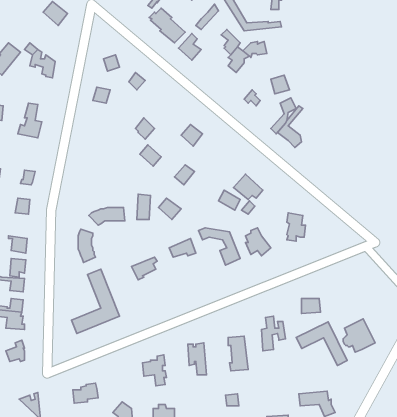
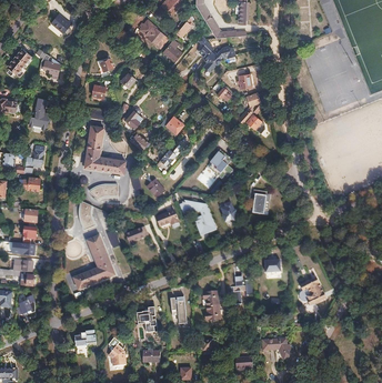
building: none -> [84,125,124,172]
building: [296,322,347,365] -> none

